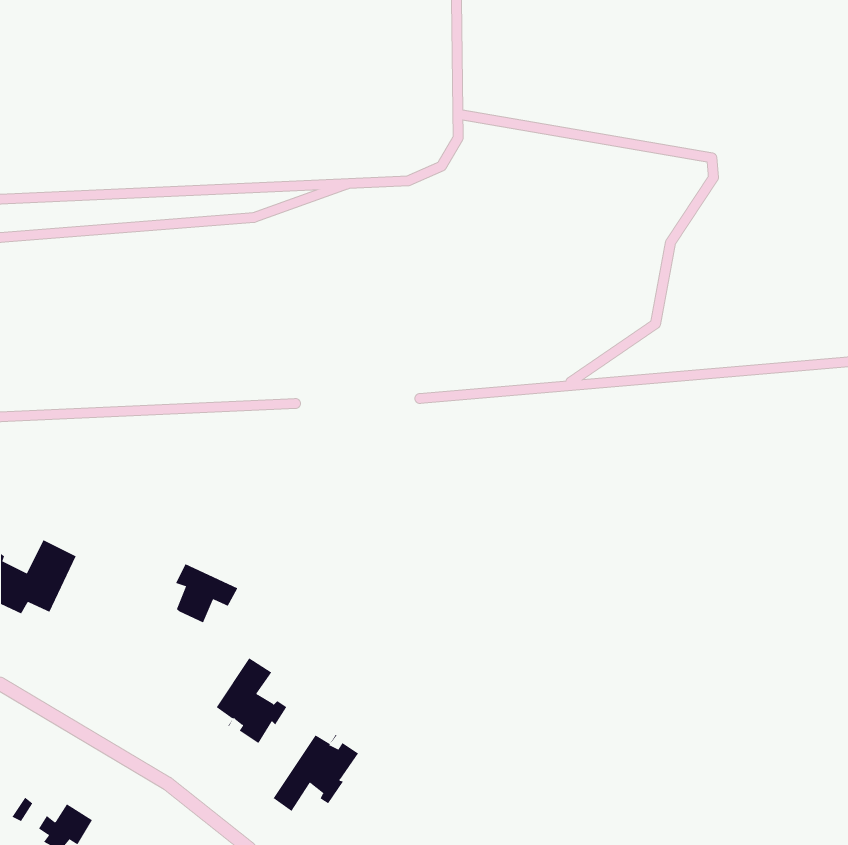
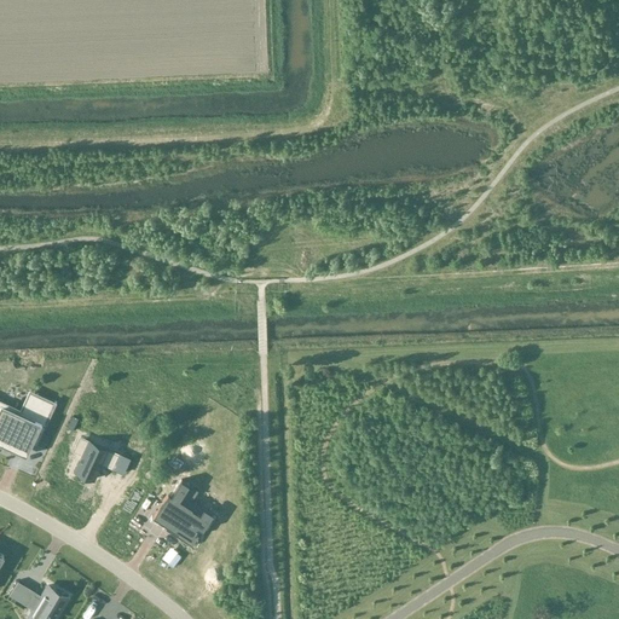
building: [175,563,238,623] -> [74,439,120,482]
building: [273,734,359,812] -> none

